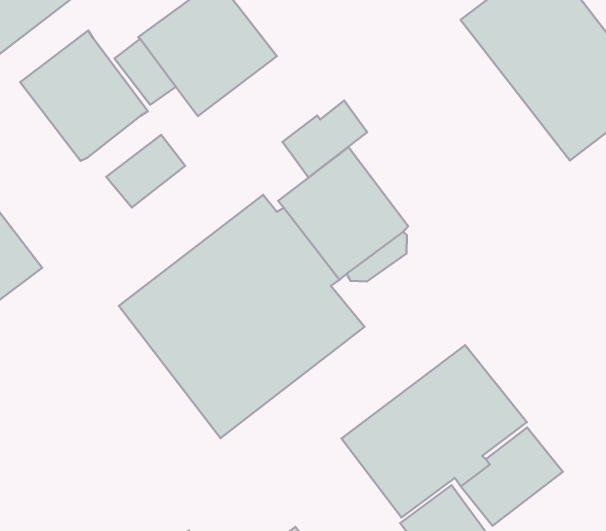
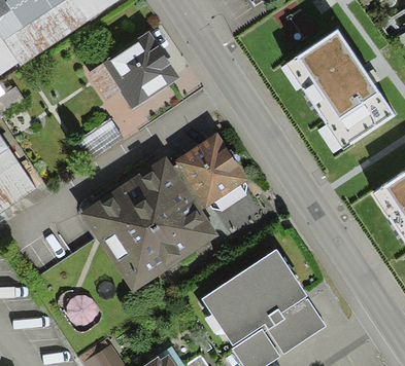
building: [20,31,148,161] -> none
building: [282,101,367,177] -> none

